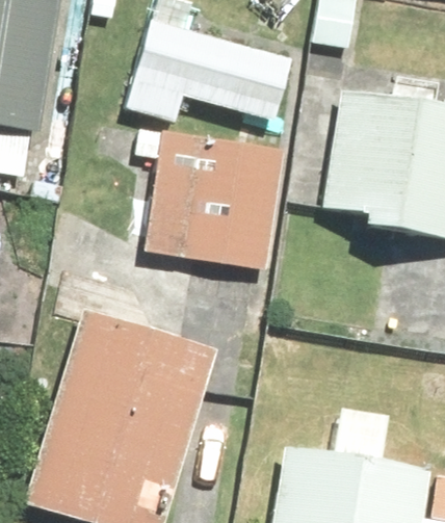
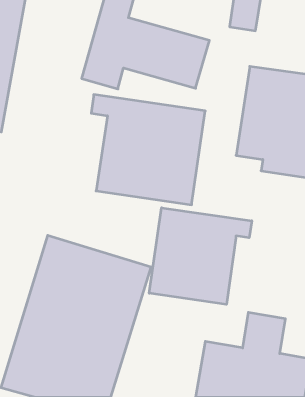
building: none -> [149,208,252,304]

